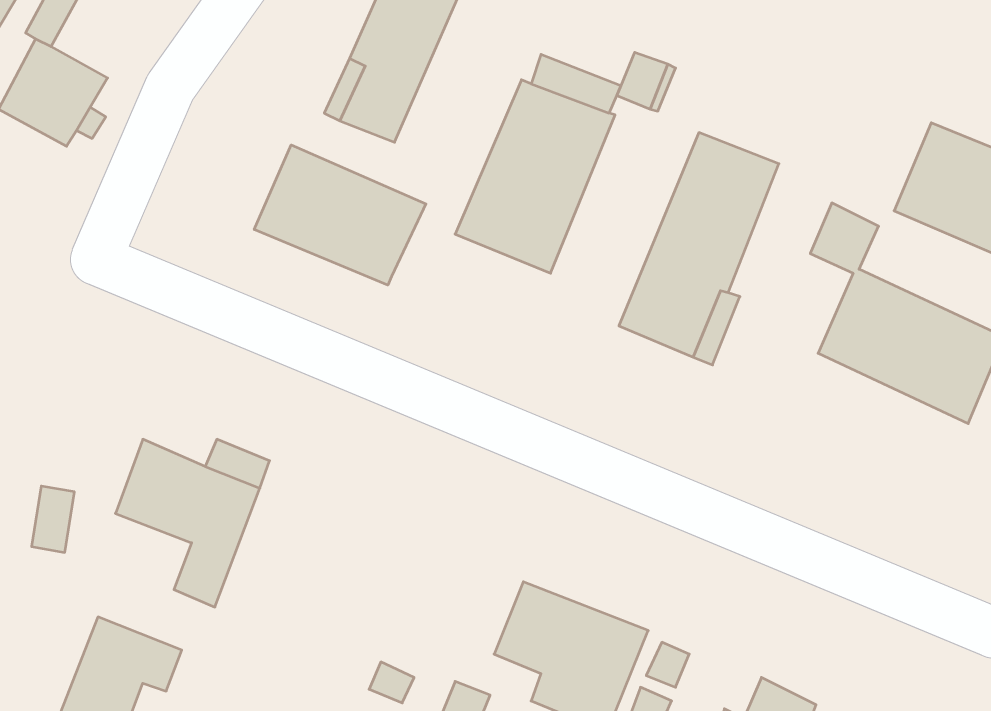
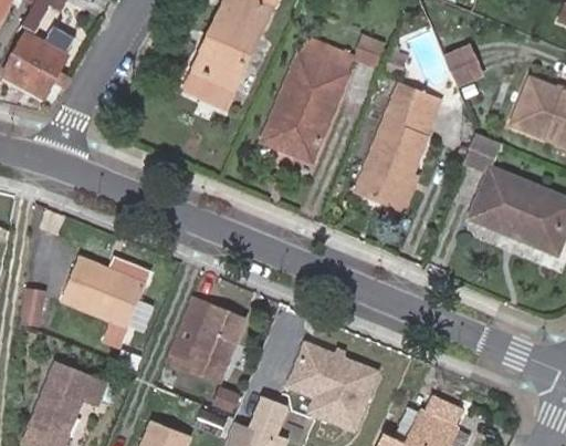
building: none -> [444,44,488,91]
building: [254,145,426,285] -> none
building: none -> [165,298,243,383]

